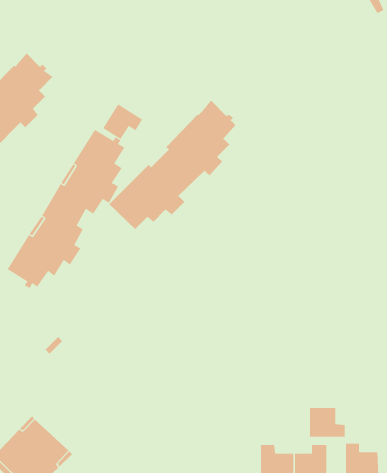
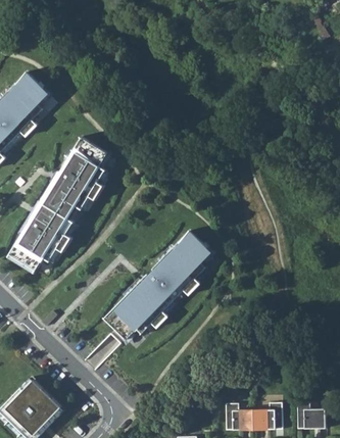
building: [108,100,236,230] -> [104,231,211,340]
building: [103,104,143,140] -> none
building: [310,407,345,438] -> none

